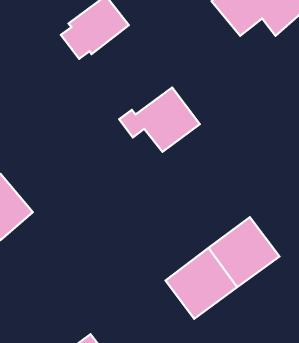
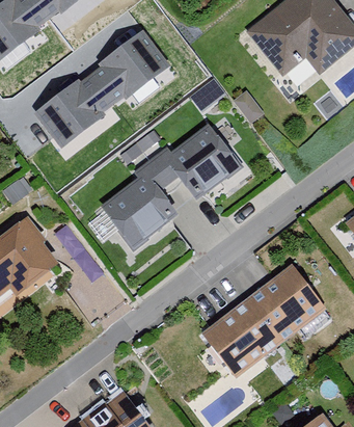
building: none -> [33,71,109,140]
building: none -> [104,162,176,246]

